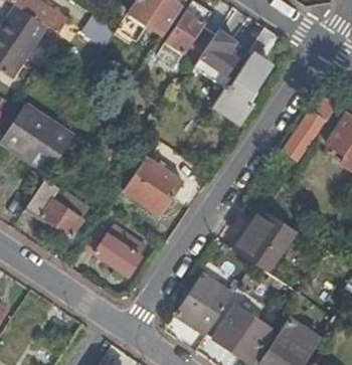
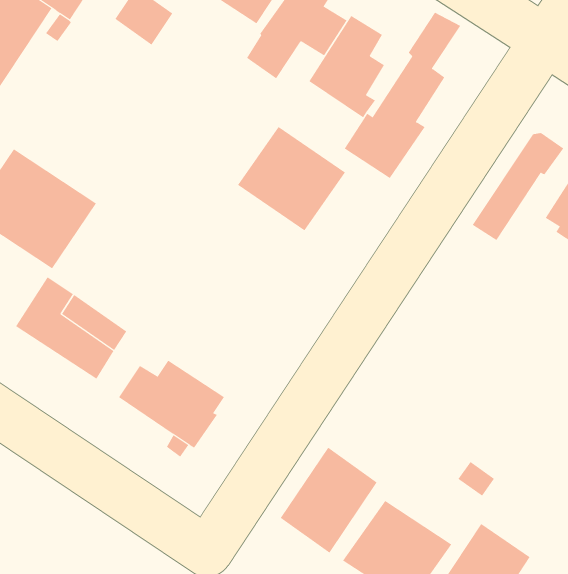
building: [122,156,183,215] -> [237,126,346,231]
building: [233,209,295,272] -> none

